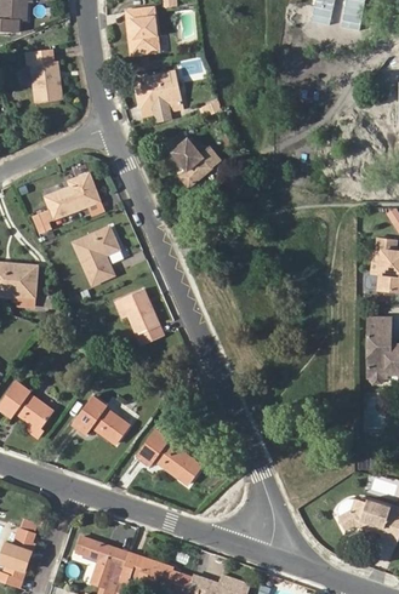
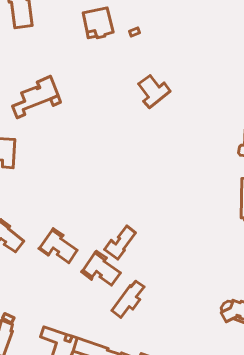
building: [172,138,218,185] -> [139,75,170,108]
building: [74,227,120,284] -> none
building: [121,289,163,342] -> none
building: none -> [105,226,136,259]
building: none -> [112,281,144,318]

